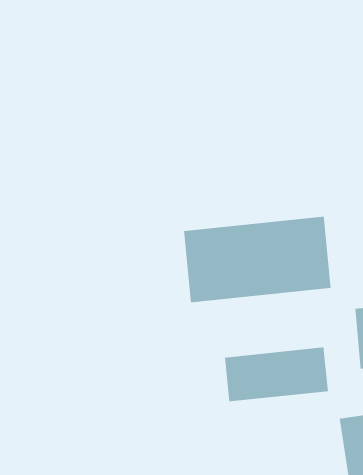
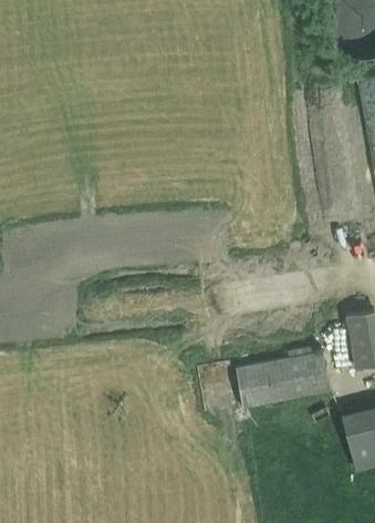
building: [183,216,331,303] -> none

